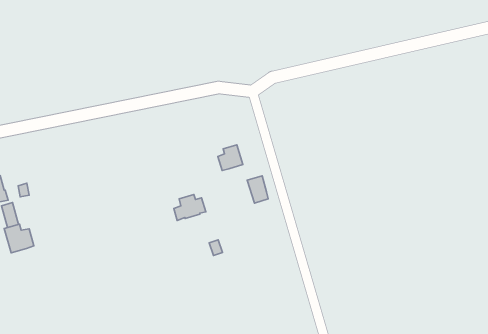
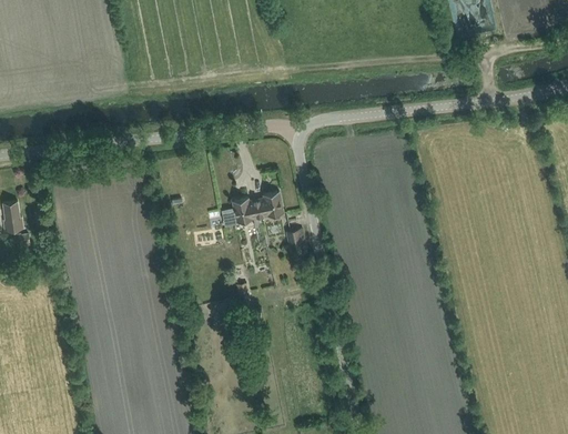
building: [174,194,206,220] -> [224,199,258,225]
building: [4,224,34,253] -> none

